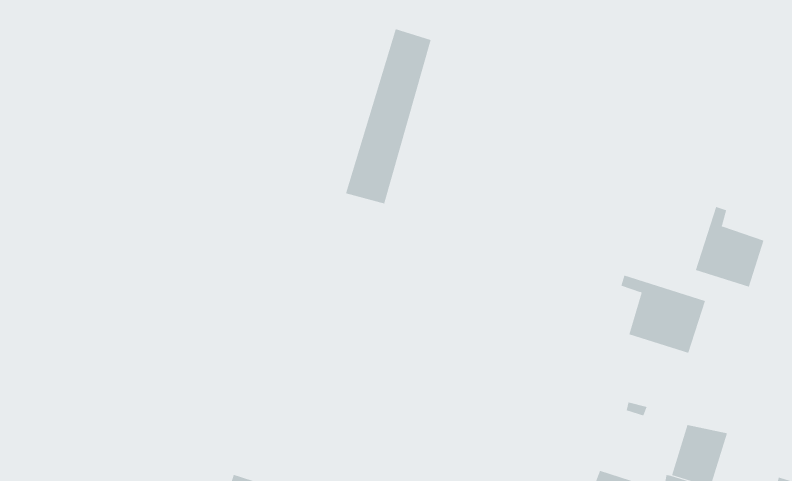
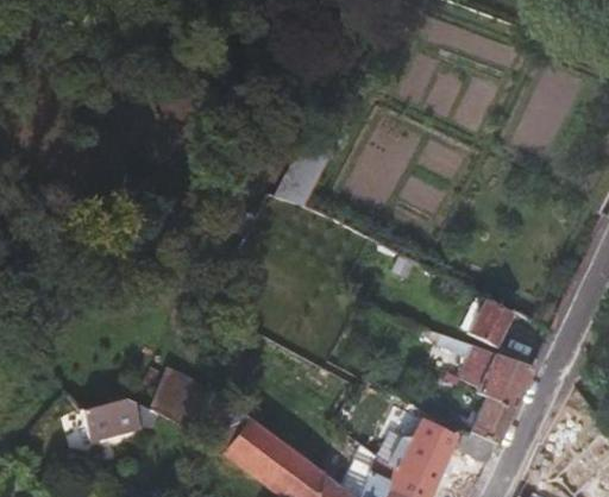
building: [695,206,764,287] -> none
building: none -> [477,354,533,408]

